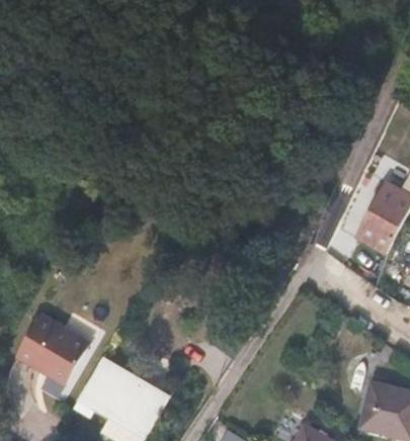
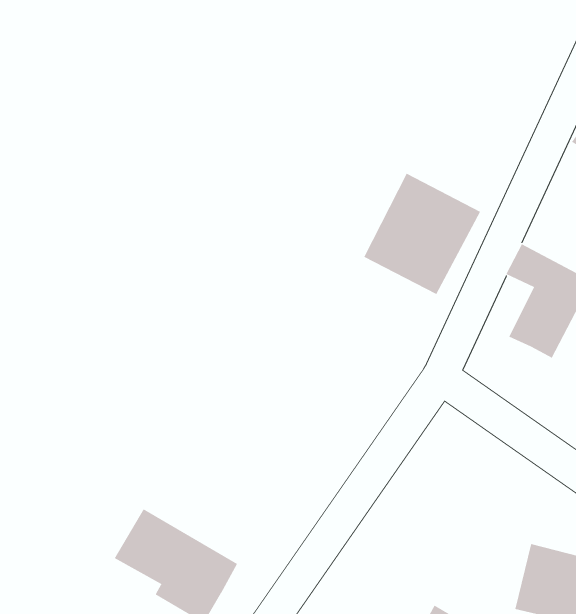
building: none -> [363,173,481,295]
building: [15,315,89,384] -> none

